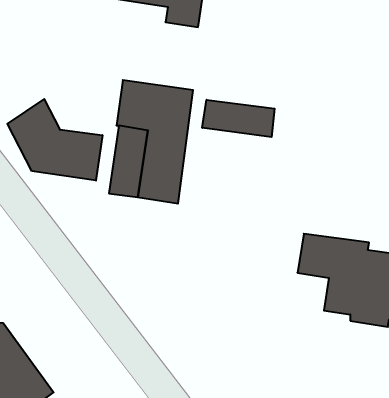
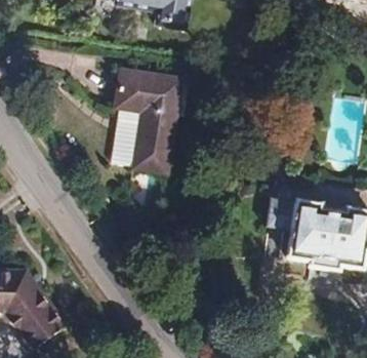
building: [7,99,102,181] -> none
building: [202,100,275,137] -> none

